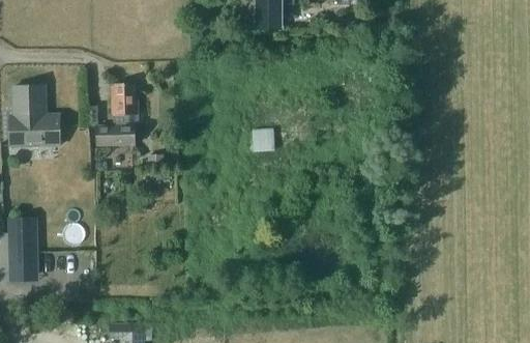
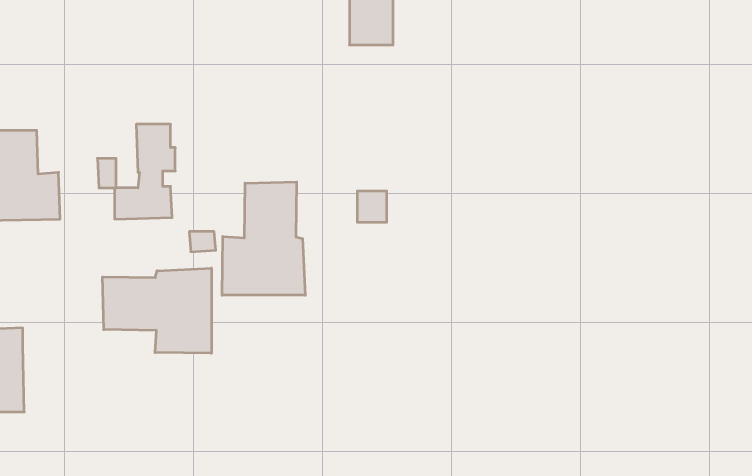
building: none -> [222,182,305,295]
building: none -> [103,268,211,353]

